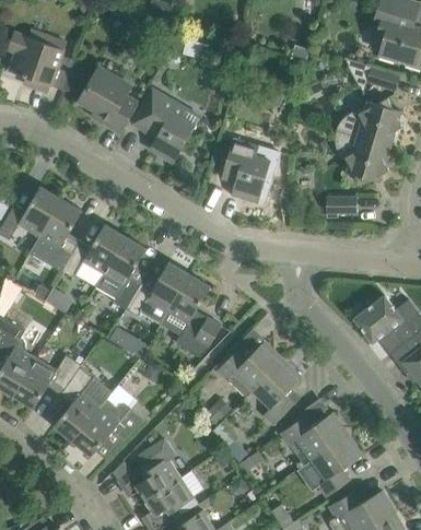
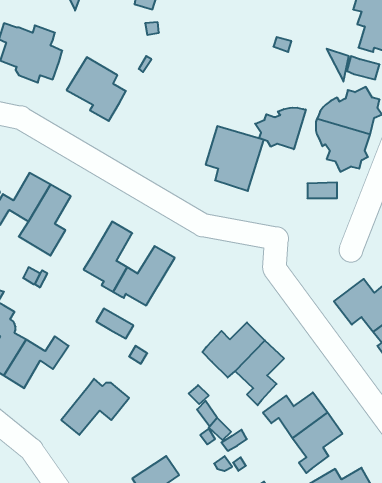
building: [140,87,195,163] -> none
building: none -> [255,108,306,149]
building: [61,224,125,285] -> none
building: [166,273,221,355] -> none
building: [54,364,100,440] -> none
building: [113,437,180,500] -> none

